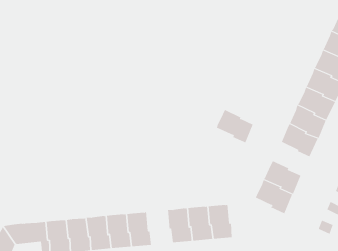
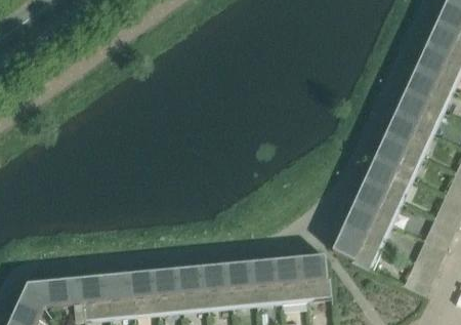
building: [216,109,253,143] -> [353,182,399,224]
building: none -> [300,255,331,298]
building: none -> [202,265,233,308]

